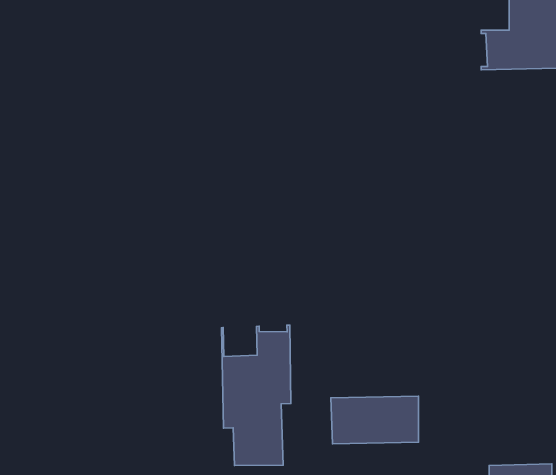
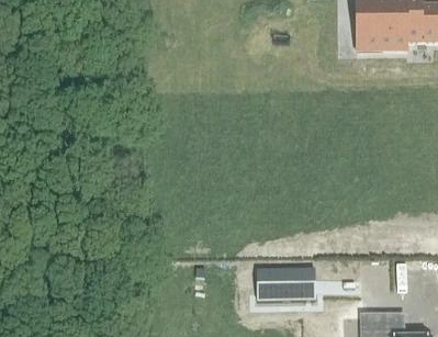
building: [222,325,291,465] -> none

